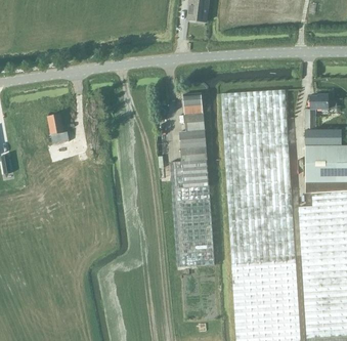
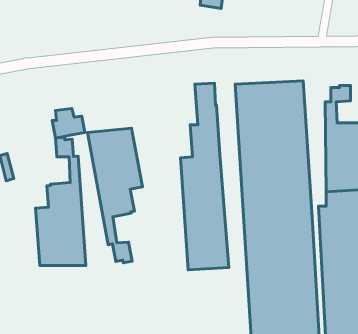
building: none -> [88,128,143,263]
building: none -> [35,137,86,265]

